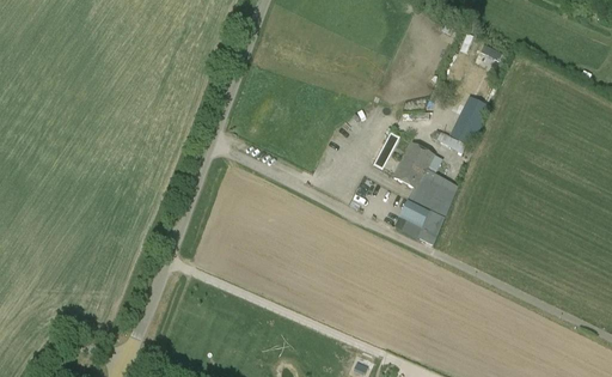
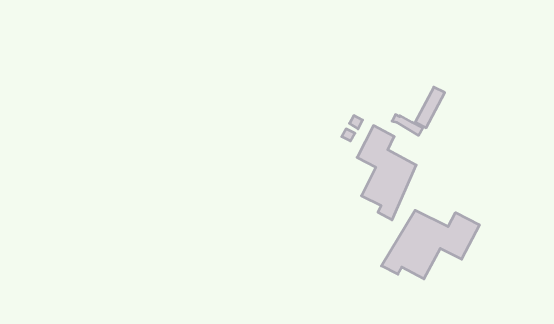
building: none -> [381,210,479,279]

